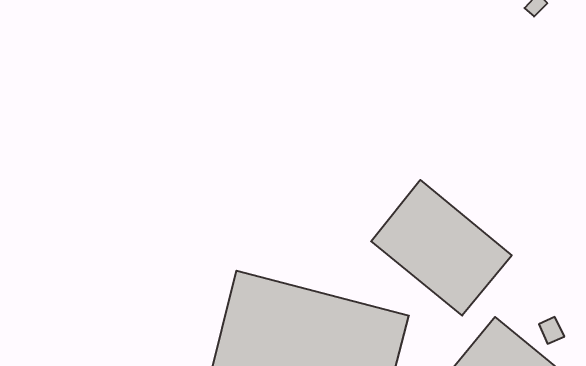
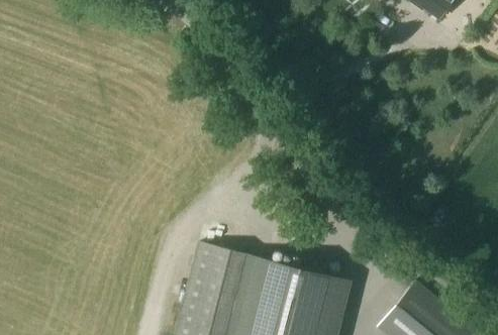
building: [371,180,512,316] -> none

